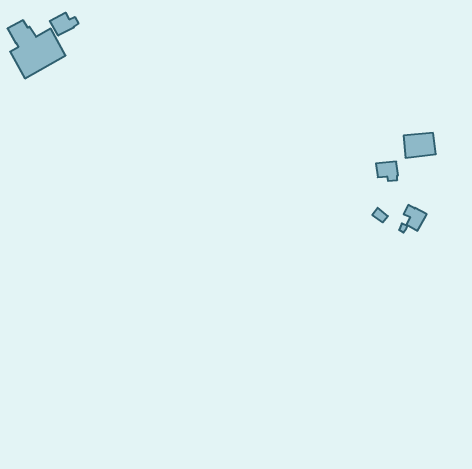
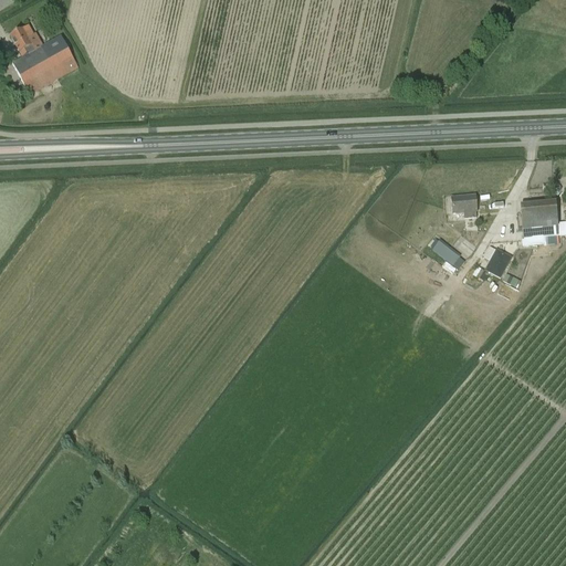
building: [50,13,78,36] -> none
building: [404,133,436,158] -> [520,200,558,230]

